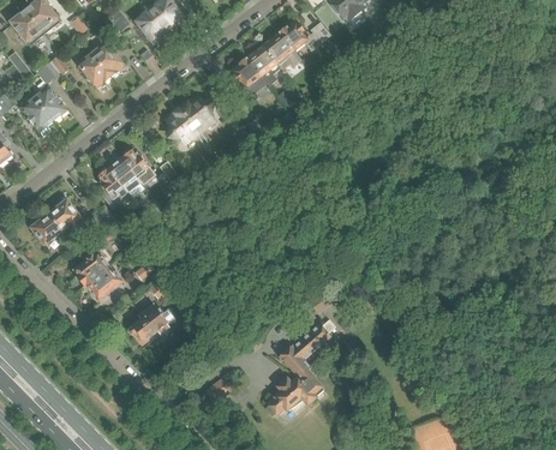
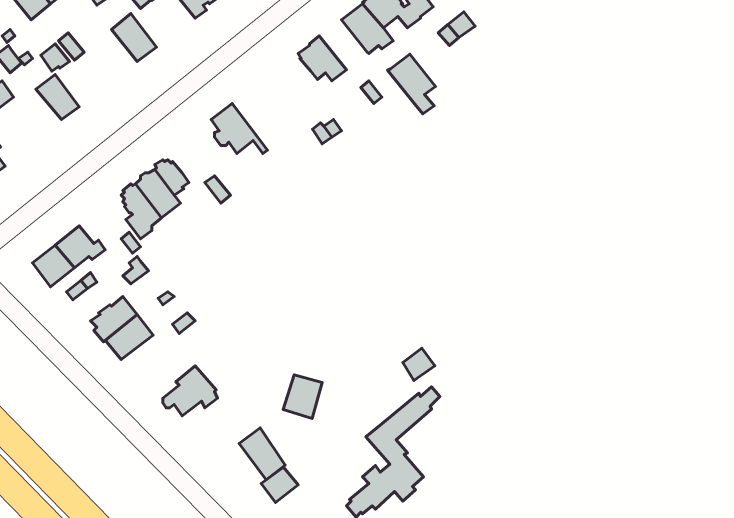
building: [245,44,281,89] -> [387,54,436,114]
building: [77,52,109,86] -> none
building: [180,95,215,142] -> none
building: [20,96,53,130] -> none
building: none -> [283,375,322,418]
building: none -> [239,428,285,480]

